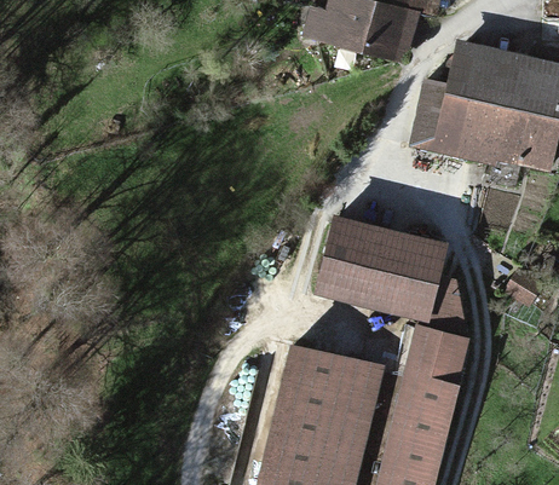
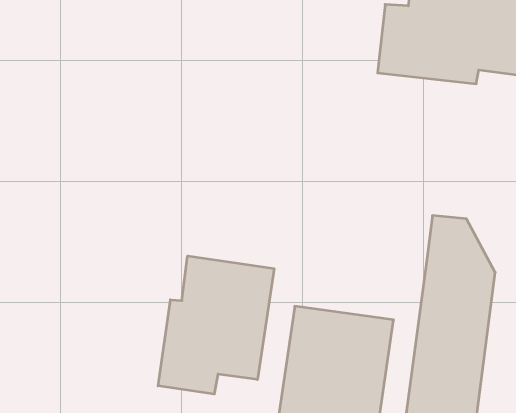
building: [309,219,437,317] -> none
building: none -> [158,256,274,394]

